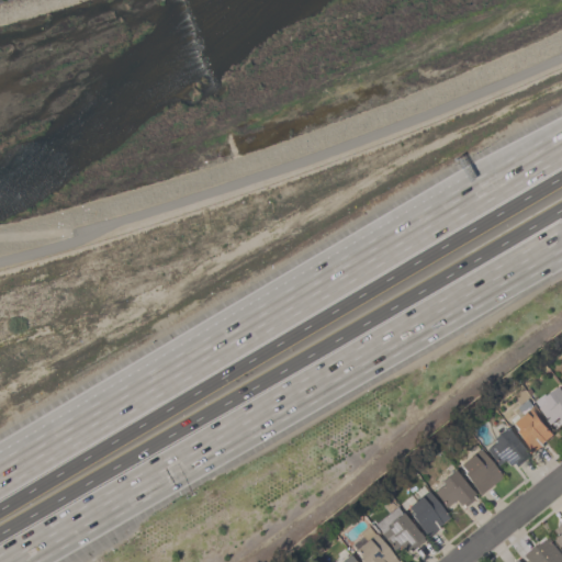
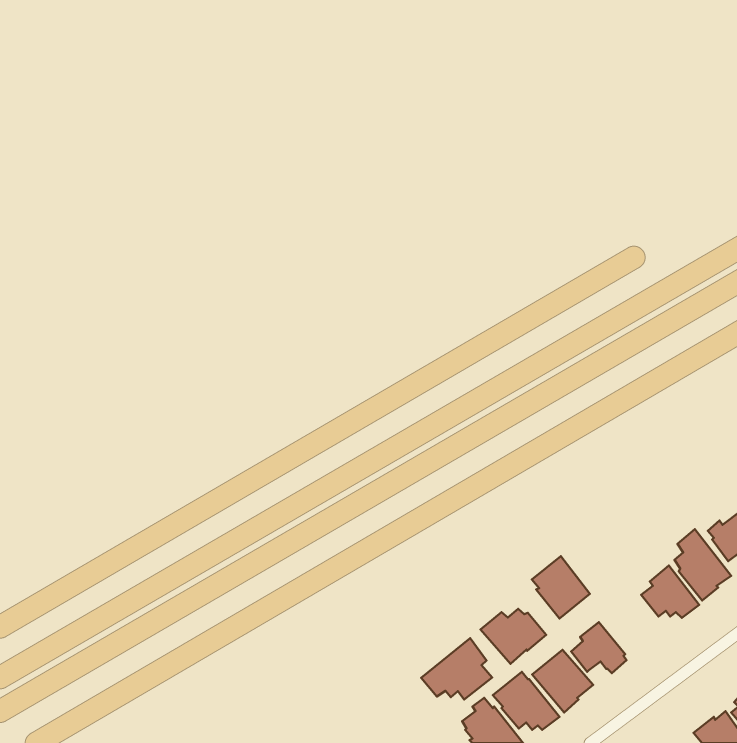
building: [461,448,505,495] -> [532,556,590,619]
building: none -> [481,609,546,664]
building: none -> [421,638,492,699]

